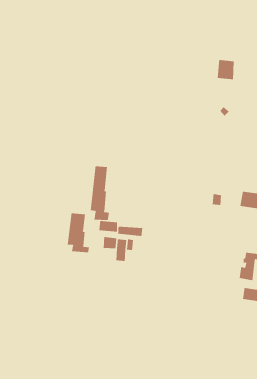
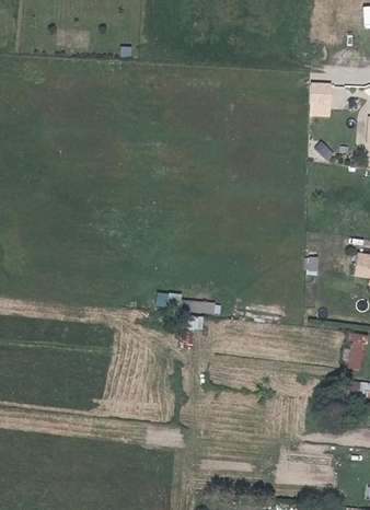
building: [90,166,109,221] -> none
building: [67,213,89,253] -> none

